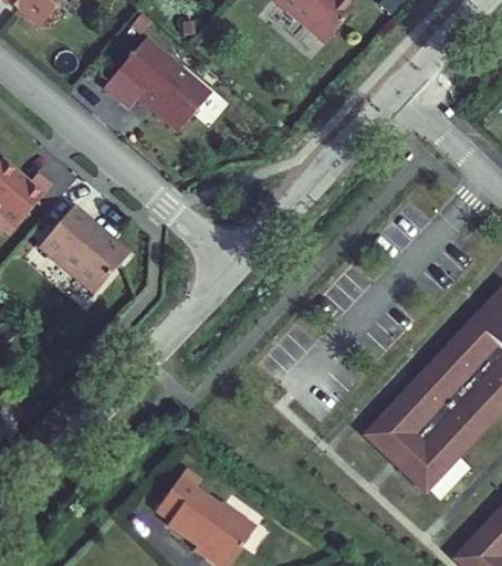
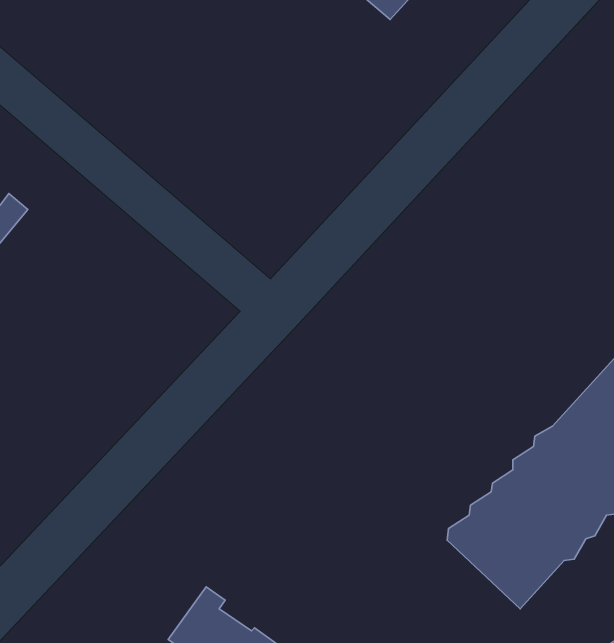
building: [104,38,210,130] -> none
building: [40,206,129,293] -> none

